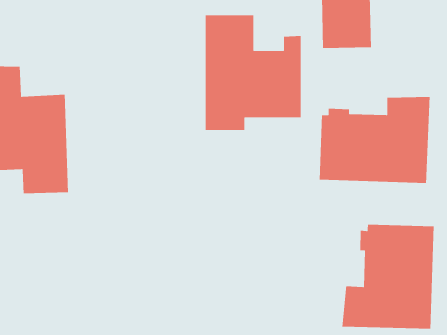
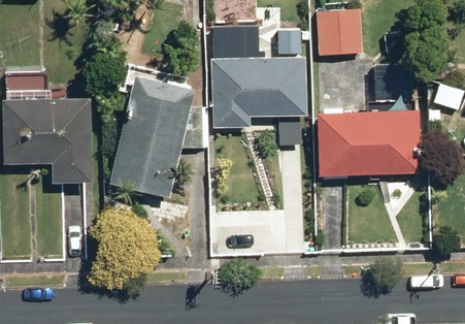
building: none -> [108,76,211,199]
building: [342,224,434,330] -> none

